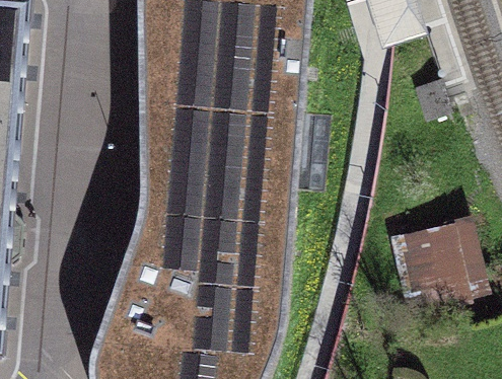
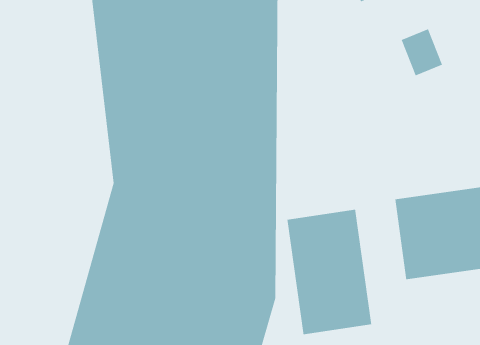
building: none -> [287,209,372,335]

